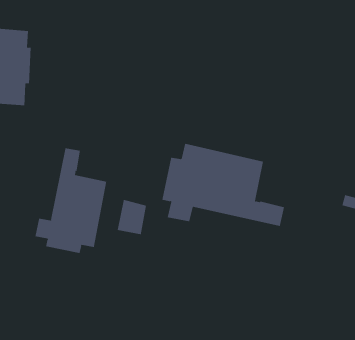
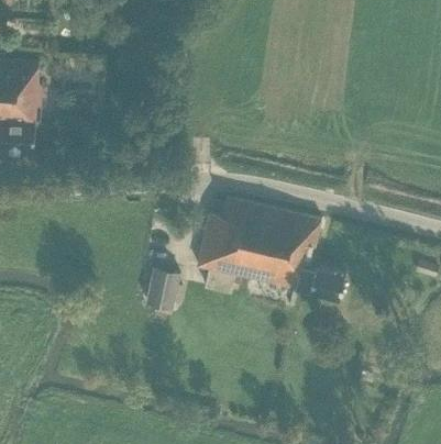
building: [35,147,107,254] -> none

